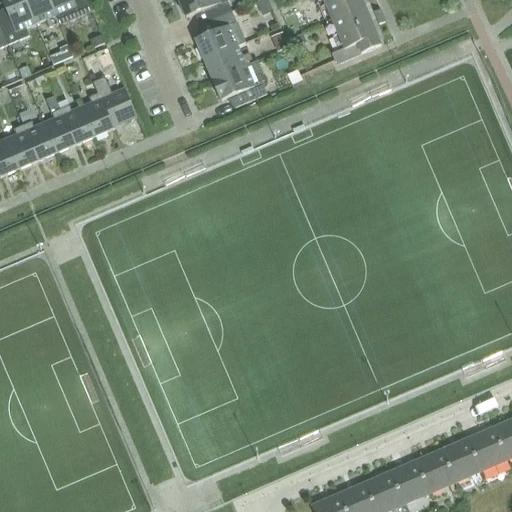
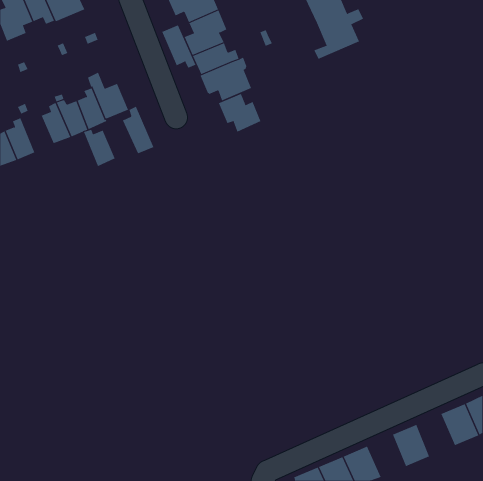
building: none -> [162,25,196,68]
building: none -> [218,93,261,132]
building: none -> [122,106,154,154]
building: [22,121,56,161] -> [83,129,115,167]
building: [440,437,480,482] -> none
building: [388,459,428,504] -> none

